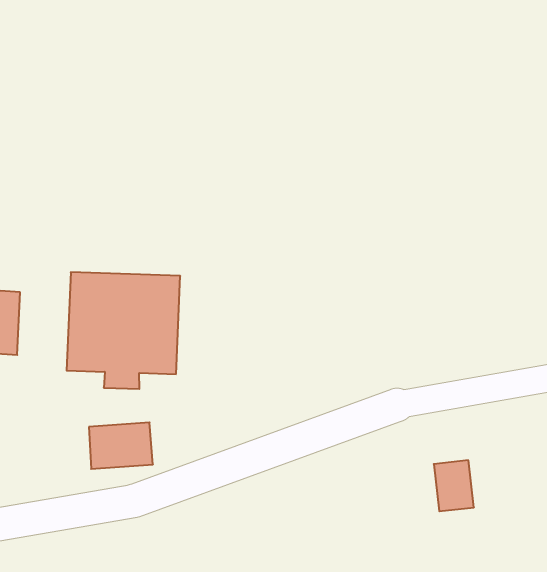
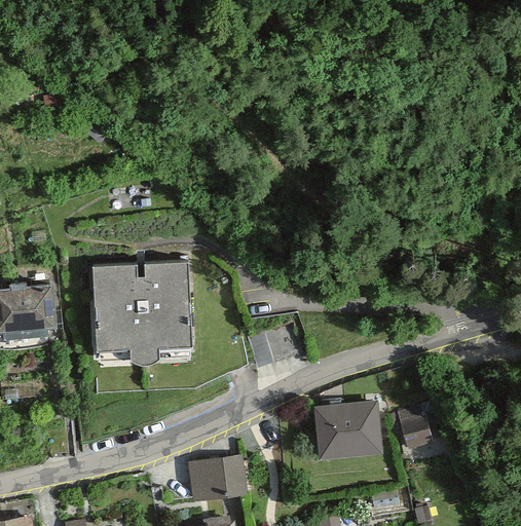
building: [89,422,153,469] -> [190,459,246,501]
building: none -> [313,403,379,457]

